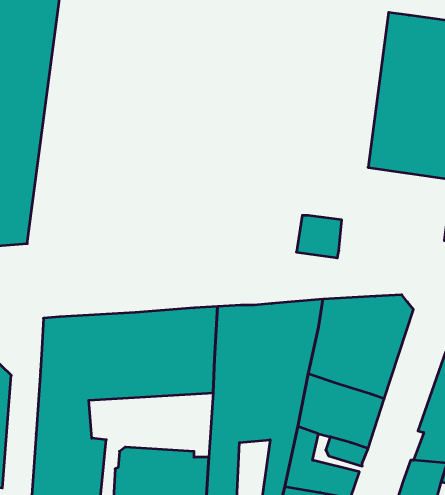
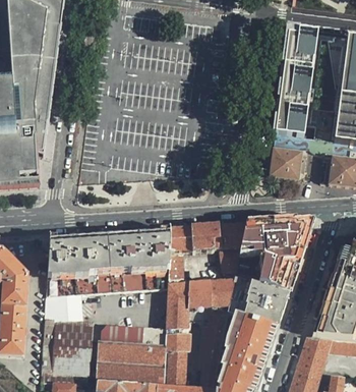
building: [296,215,342,258] -> [270,149,301,178]

